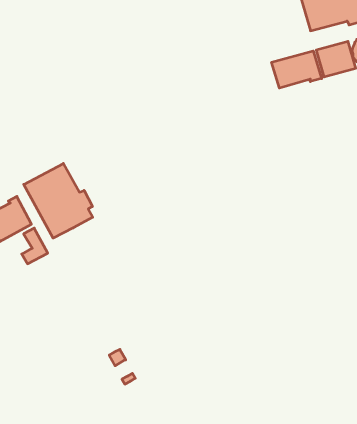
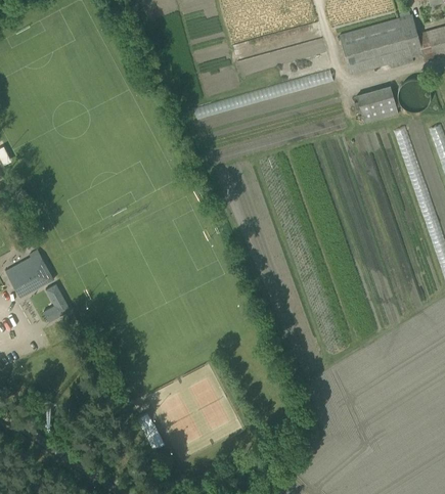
building: [272,51,322,88] -> none
building: [24,163,93,238] -> none

